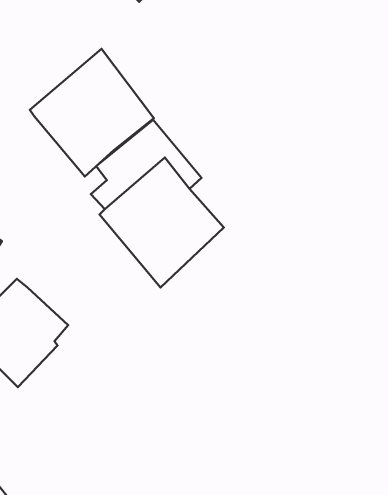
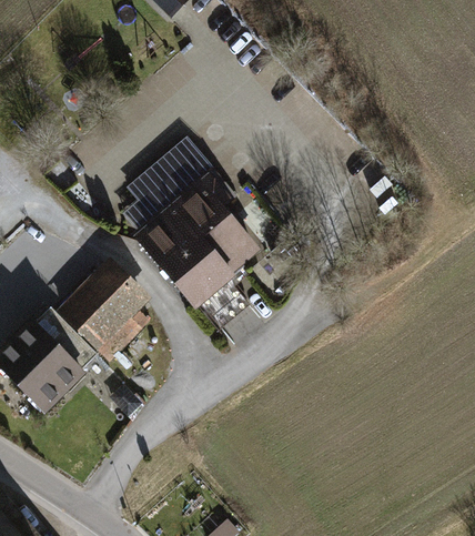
building: [30,49,154,177] -> none
building: none -> [57,254,152,358]

